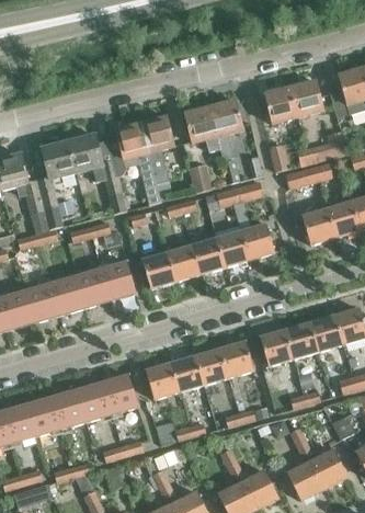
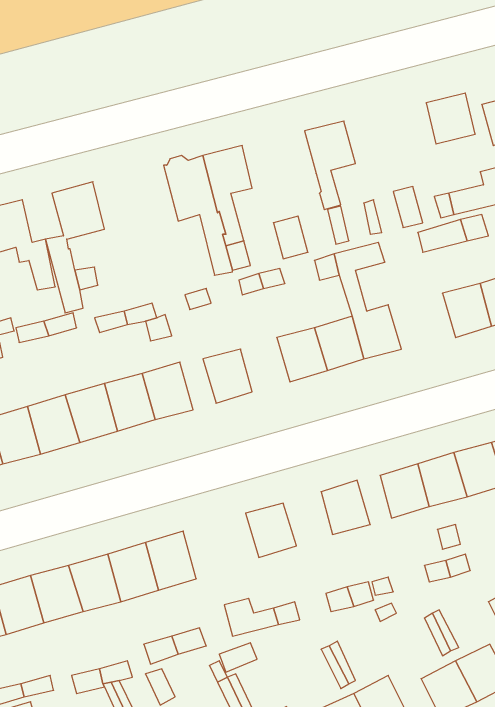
building: [264,88,297,122] -> none
building: [183,106,220,150] -> none
building: [68,133,126,213] -> none
building: [167,244,199,281] -> none
building: [195,347,228,384] -> none
building: [145,362,179,398] -> none

